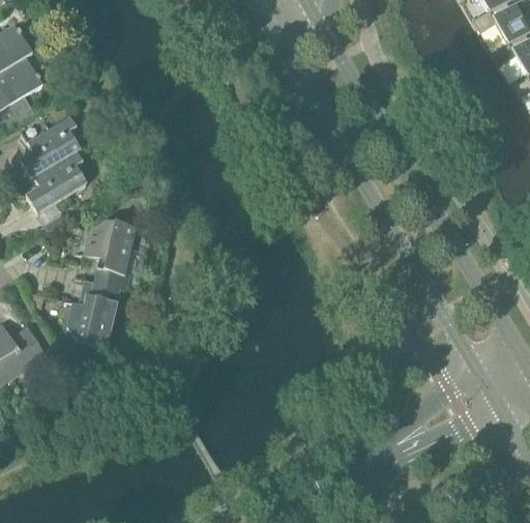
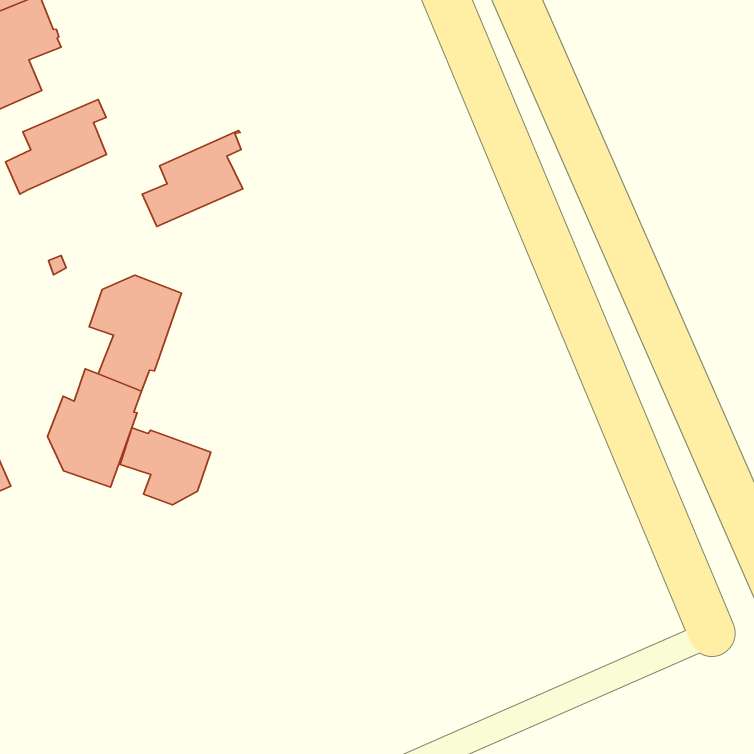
building: [26,146,87,211] -> [142,131,243,227]
building: none -> [120,428,211,505]

